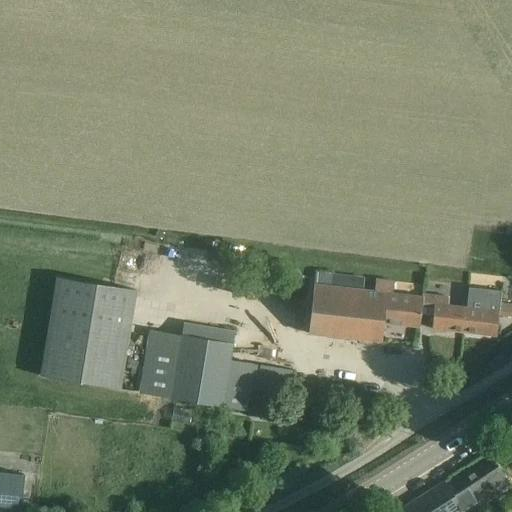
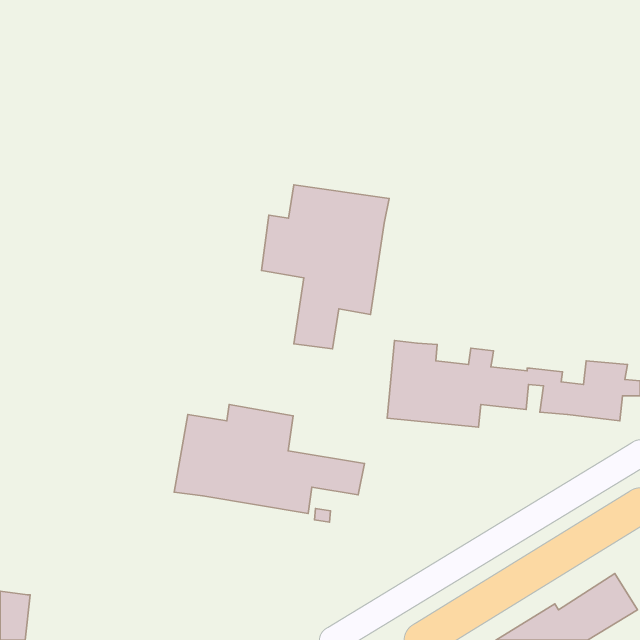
building: none -> [261,185,389,349]
building: [40,277,136,389] -> none

